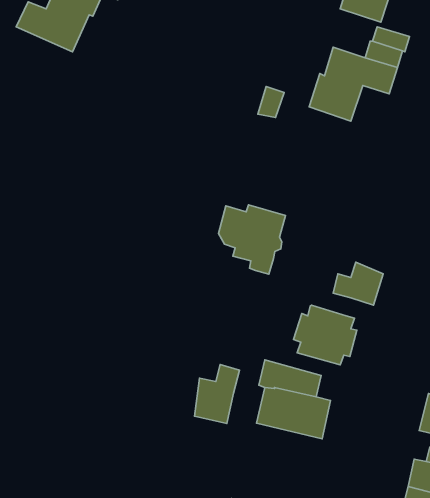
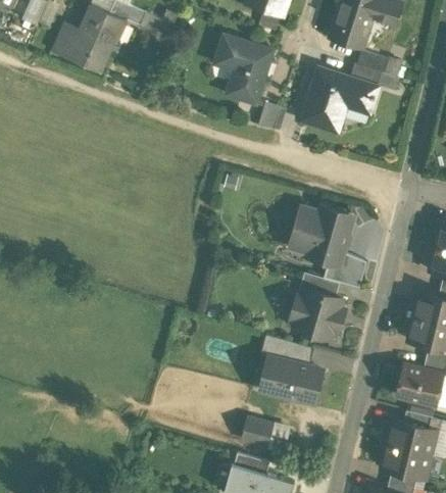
building: none -> [216,34,275,103]
building: [219,205,285,274] -> [296,206,353,265]
building: none -> [299,273,339,298]
building: [195,364,239,423] -> none
building: none -> [241,418,272,448]

